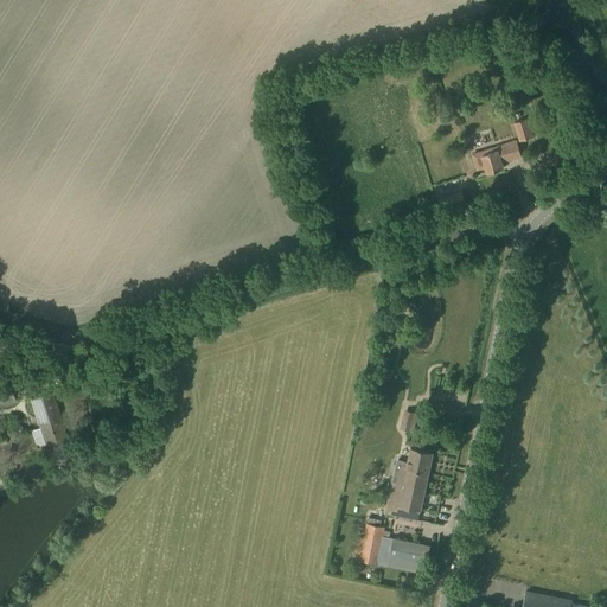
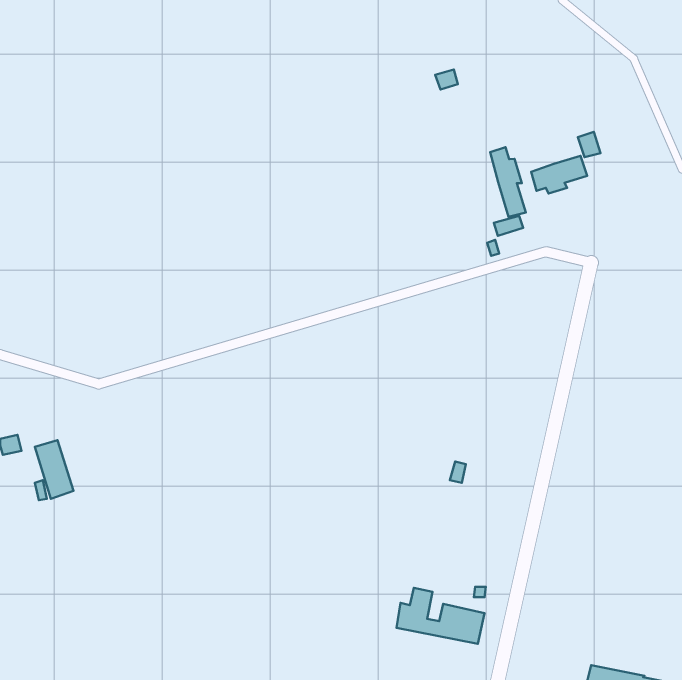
building: none -> [490,147,526,217]
building: [386,448,433,520] -> none

